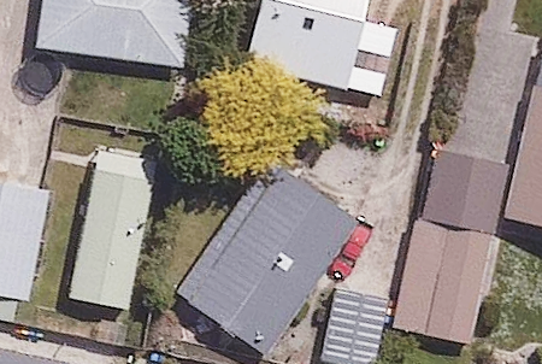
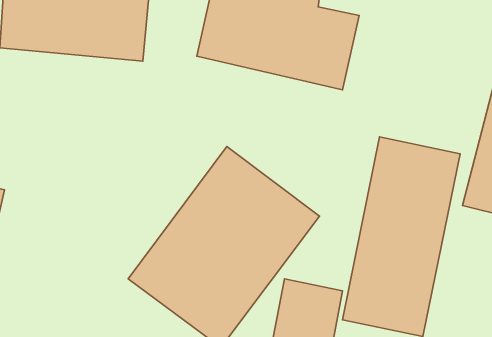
building: [69,152,158,311] -> none

